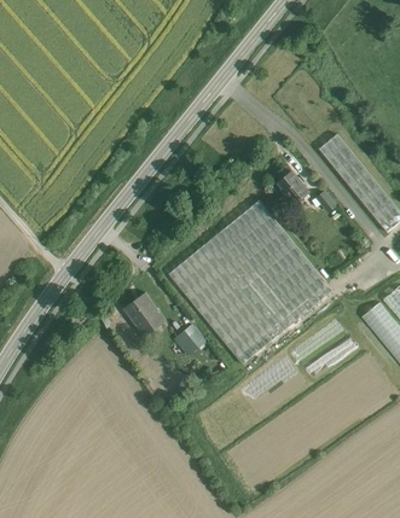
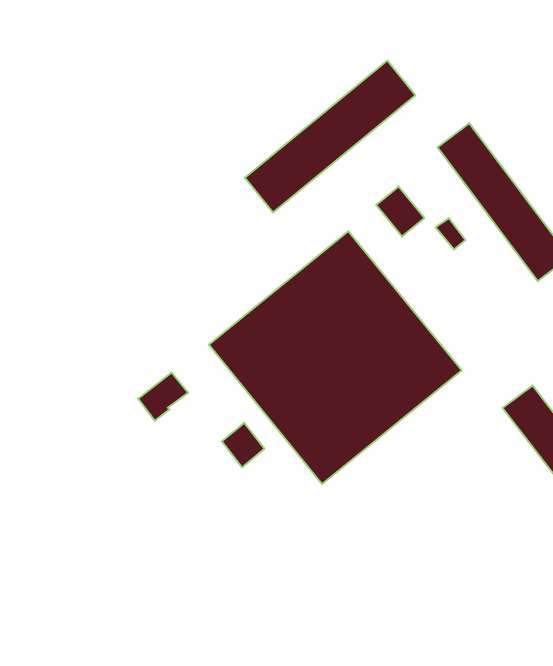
building: none -> [245,61,415,213]
building: [134,304,167,337] -> none

